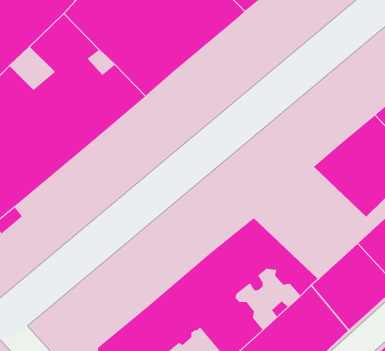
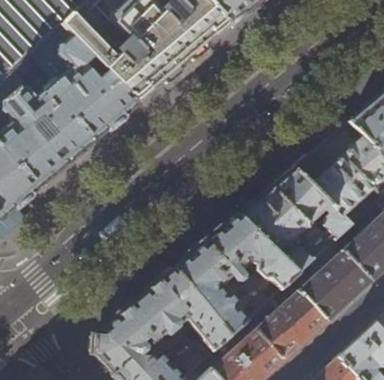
building: none -> [237,171,349,275]

